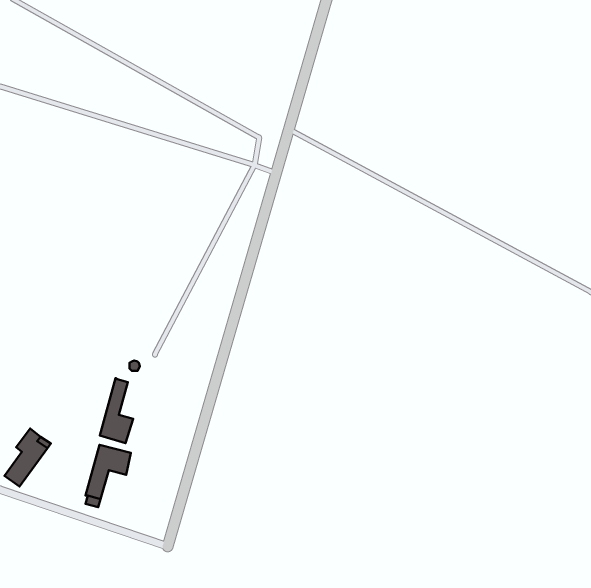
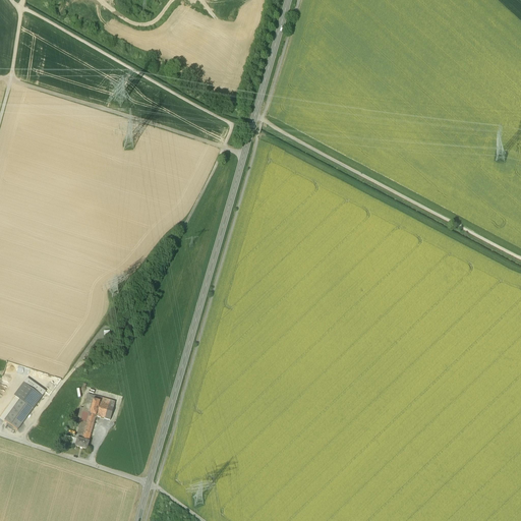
building: [100,378,133,443] -> none

